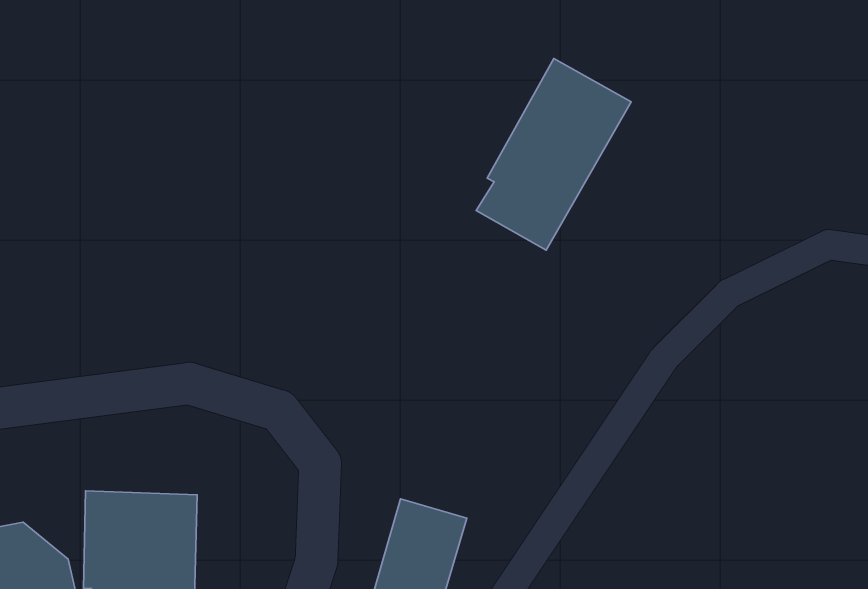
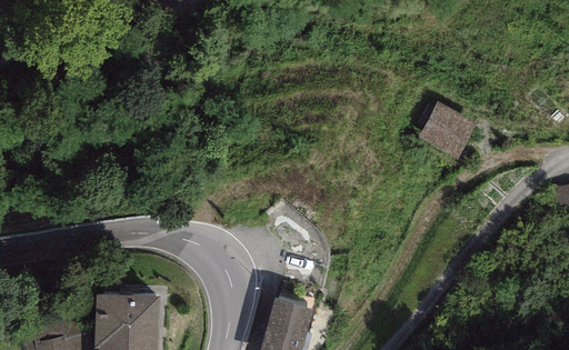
building: [476,59,631,250] -> none
building: none -> [419,101,477,158]

